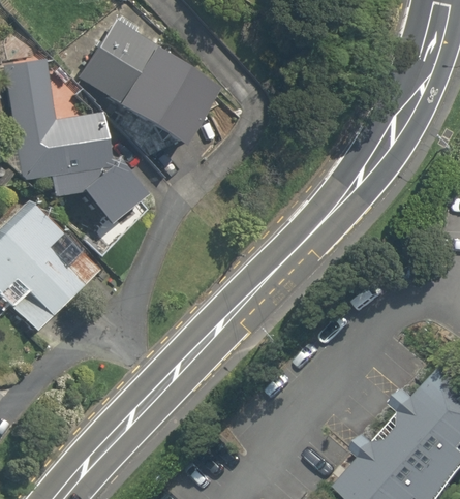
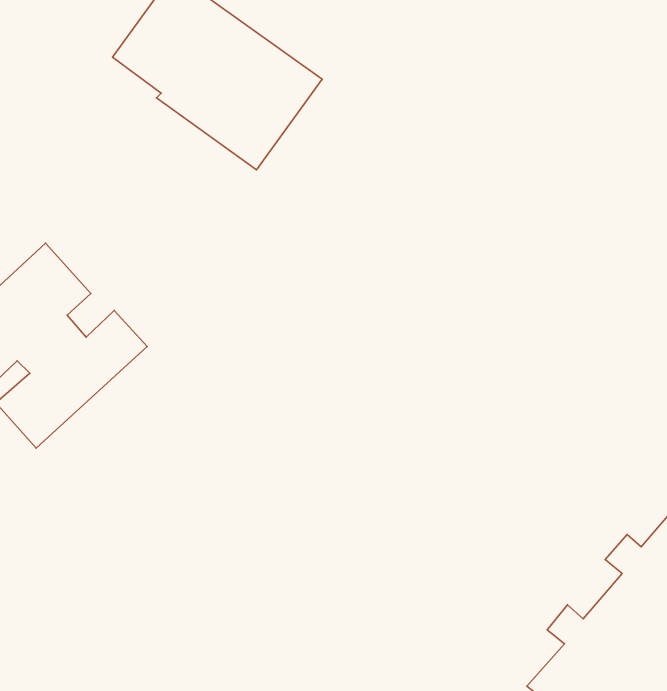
building: [11,56,143,231] -> none

